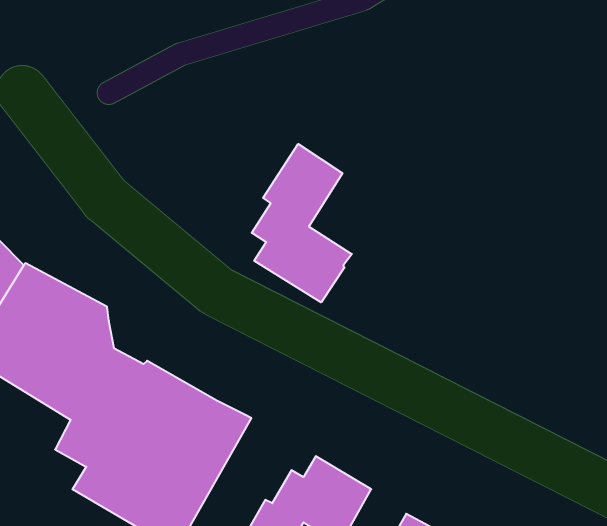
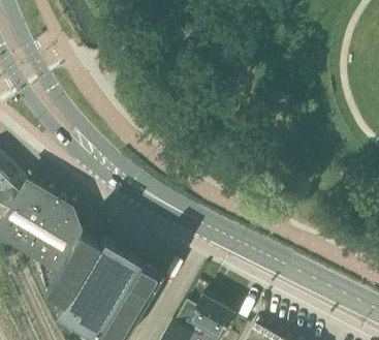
building: [252,144,352,302] -> none

